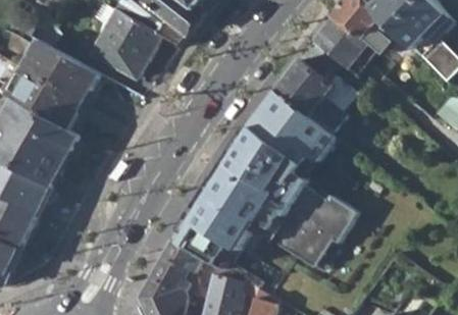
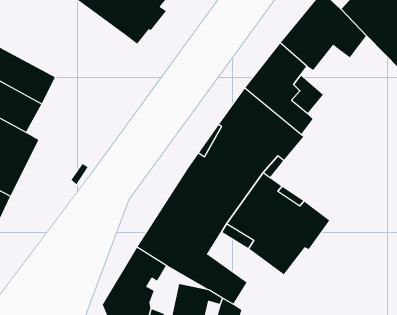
building: [88,12,158,83] -> none

